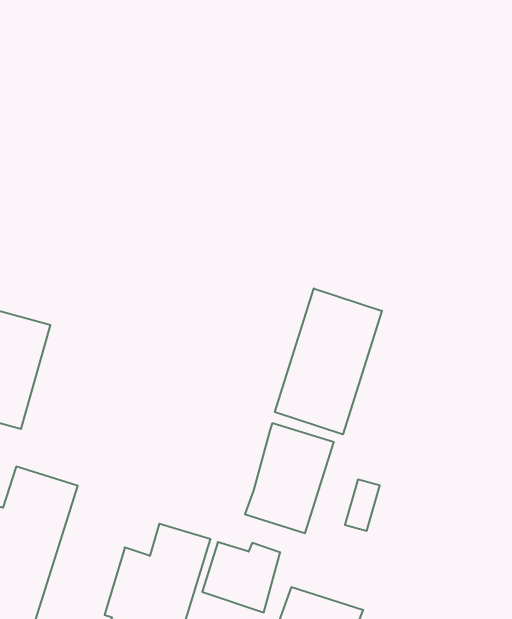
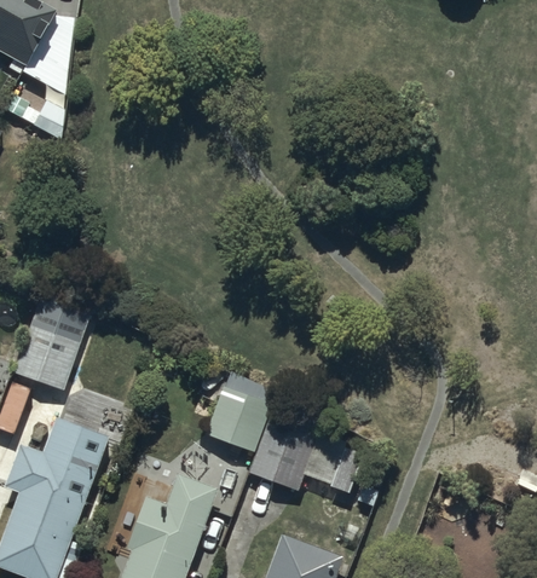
building: [275,288,382,434] -> none
building: [202,542,280,612] -> [206,392,273,453]

